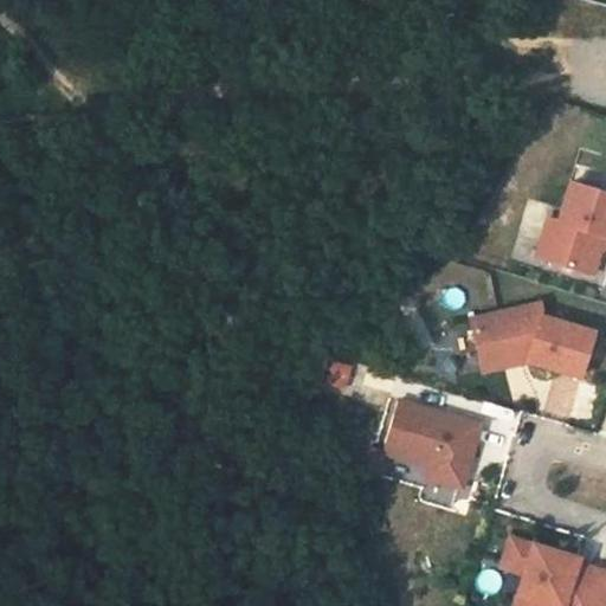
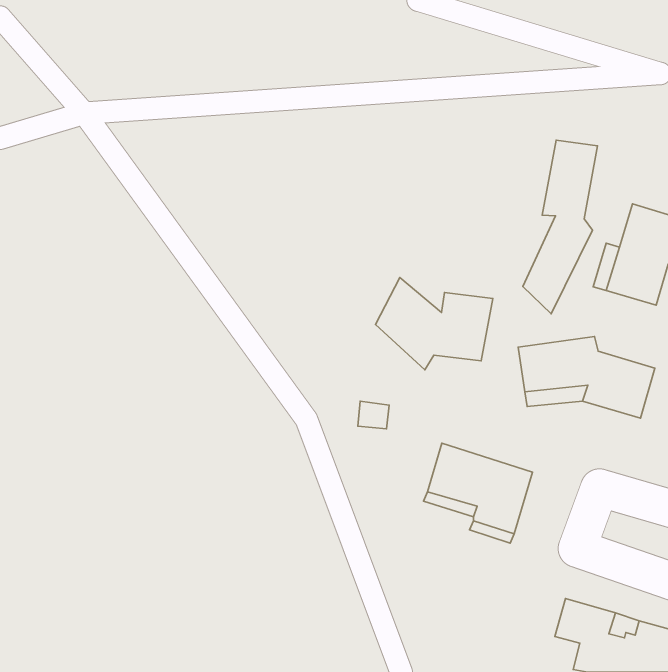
building: none -> [523,140,597,314]
building: none -> [376,277,493,370]

